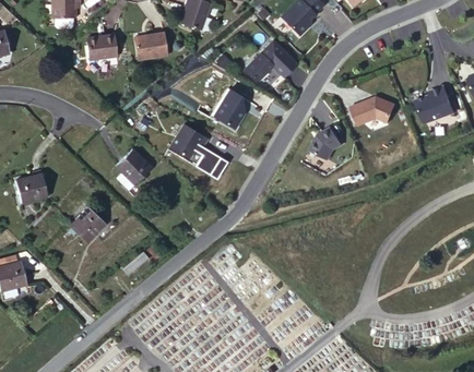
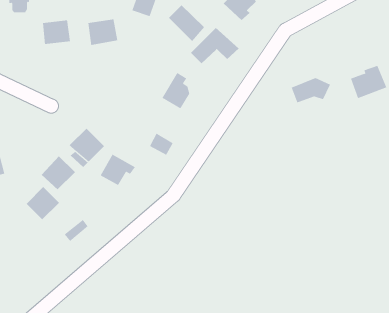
building: none -> [168,5,205,42]
building: [310,124,341,156] -> none
building: [170,125,209,159] -> [100,154,136,186]
building: none -> [41,155,76,190]

